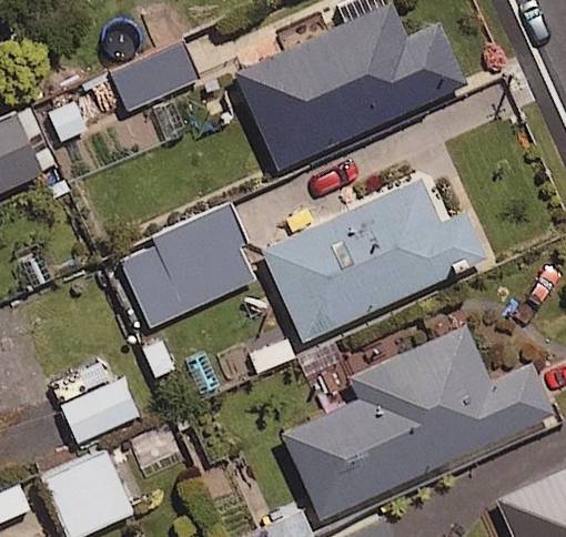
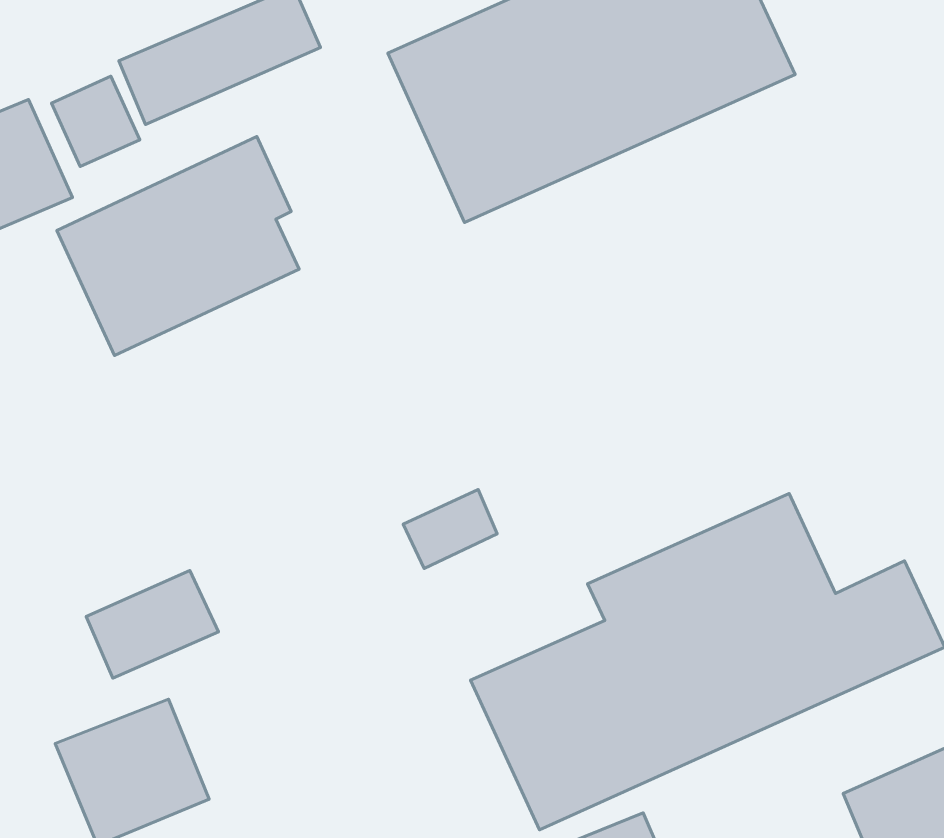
building: [262,179,487,343] -> none
building: [111,194,251,321] -> [57,136,299,356]

